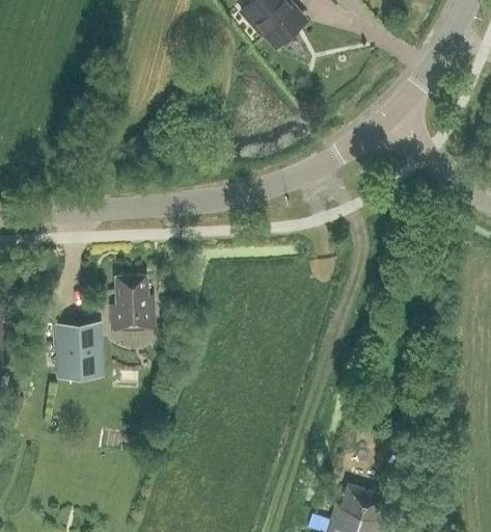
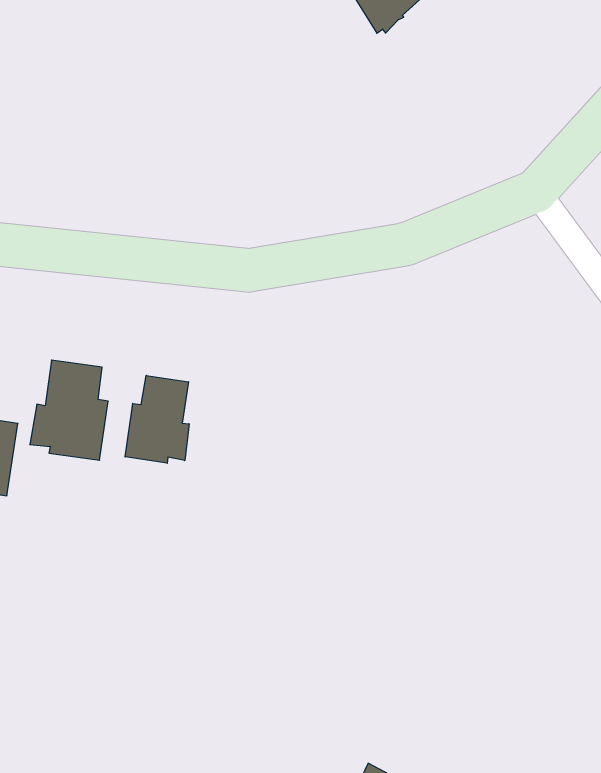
building: none -> [125,375,189,463]

